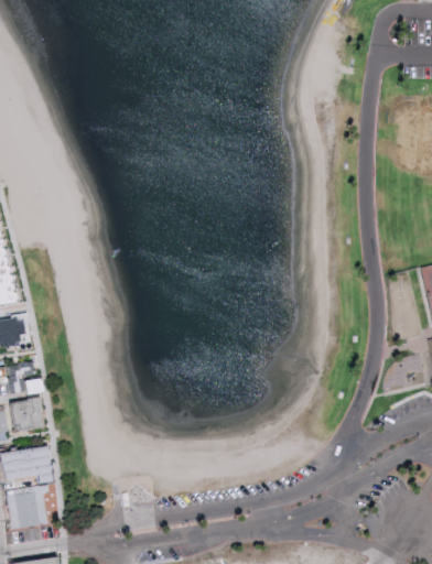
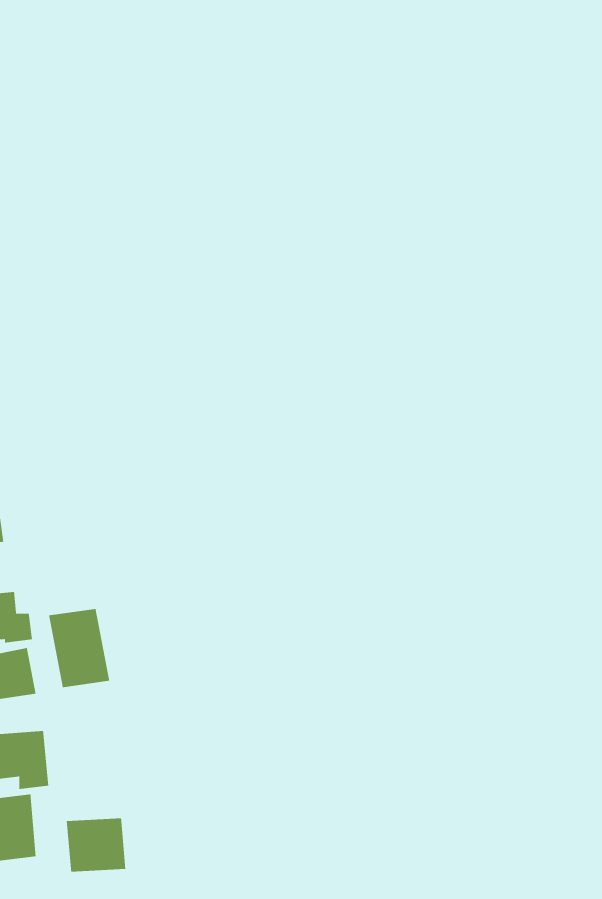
building: none -> [48,608,110,688]
building: none -> [66,817,126,872]

